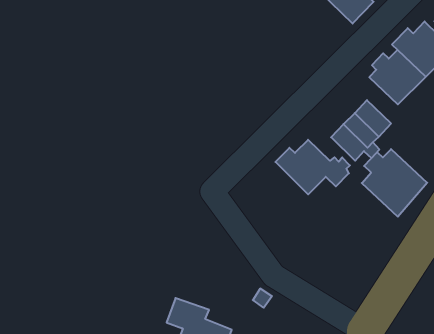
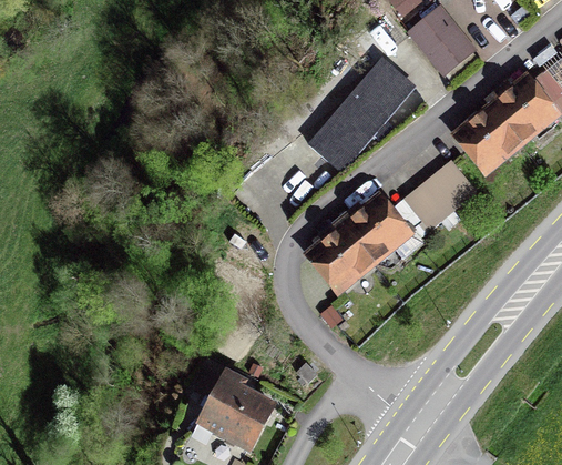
building: none -> [310,59,413,170]
building: [362,149,427,217] -> none
building: none -> [310,220,374,290]

